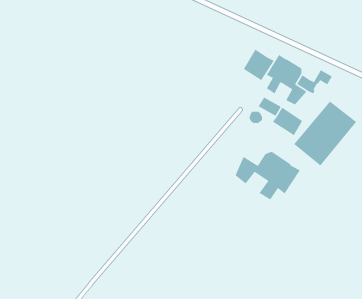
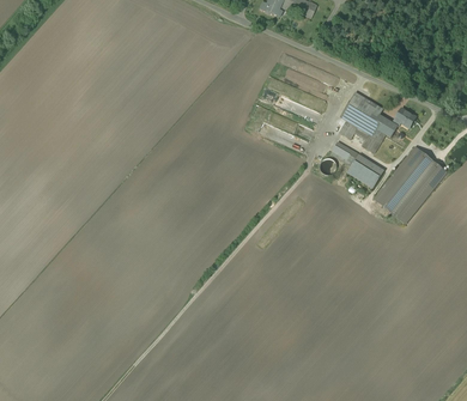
building: [243,49,275,81] -> none
building: [234,151,301,200] -> none

